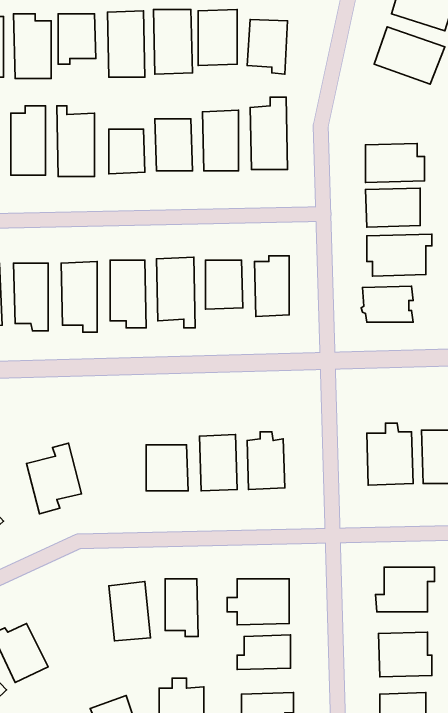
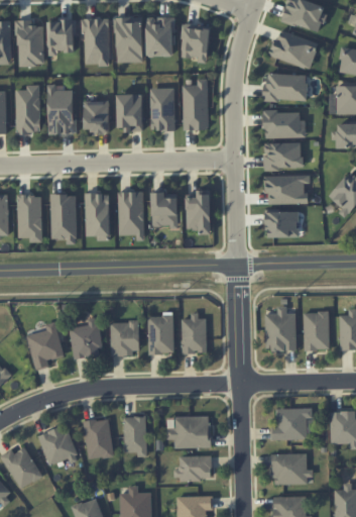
building: none -> [262,74,307,101]
building: none -> [70,318,102,359]
building: none -> [37,424,79,466]

